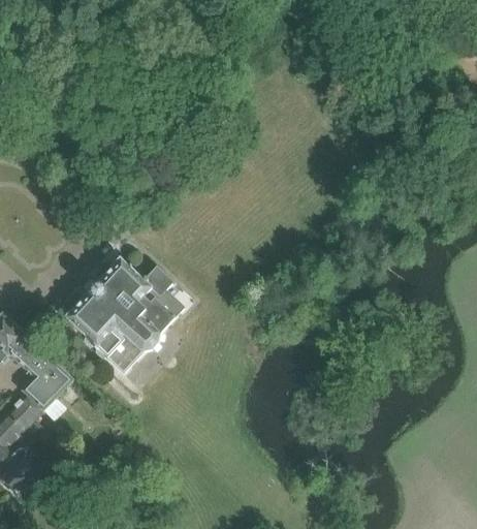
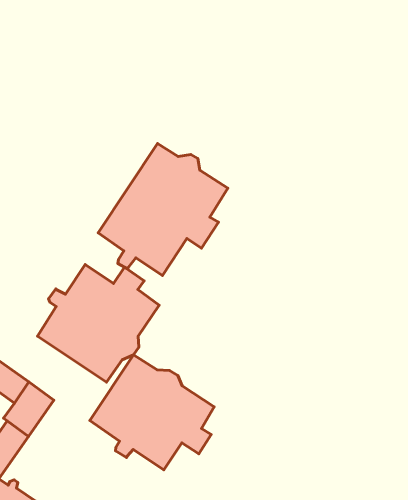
building: none -> [98,143,228,275]
building: none -> [90,355,214,470]

